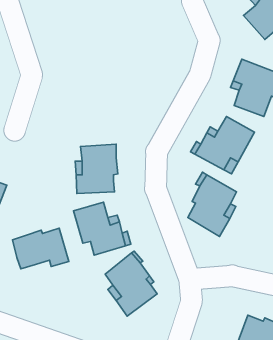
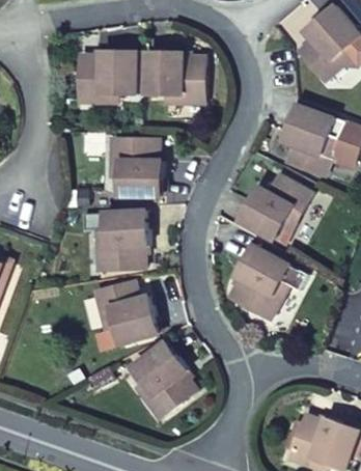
building: none -> [78,50,137,101]
building: none -> [146,51,204,103]
building: none -> [112,137,162,196]
building: [13,228,69,269] -> none

